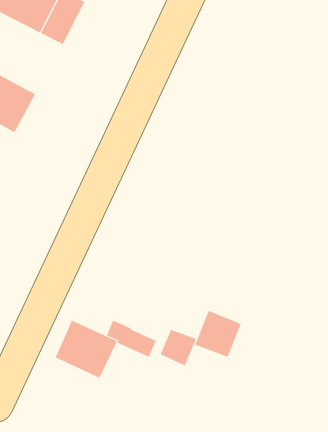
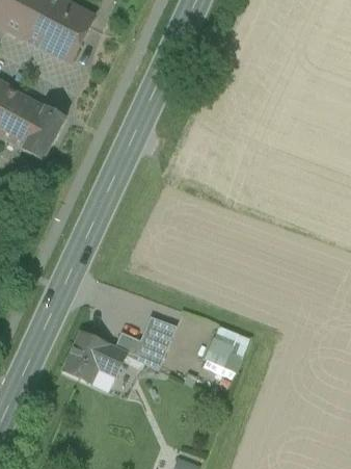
building: none -> [21,103,66,160]
building: [160,329,197,366] -> [139,314,176,350]

